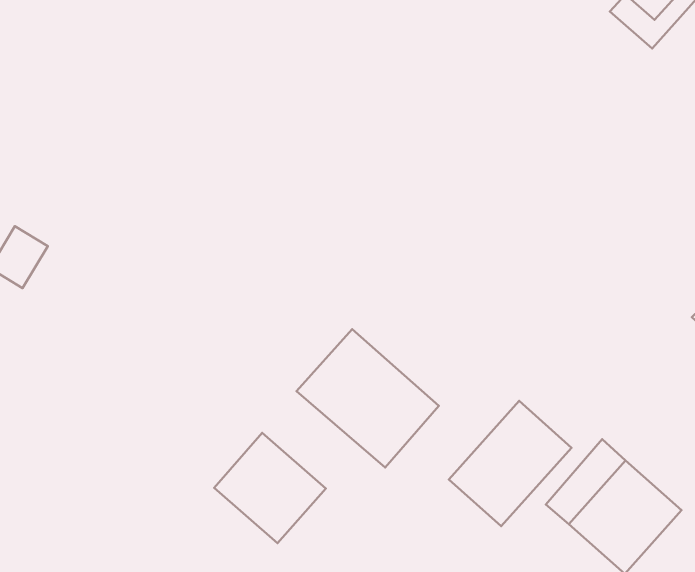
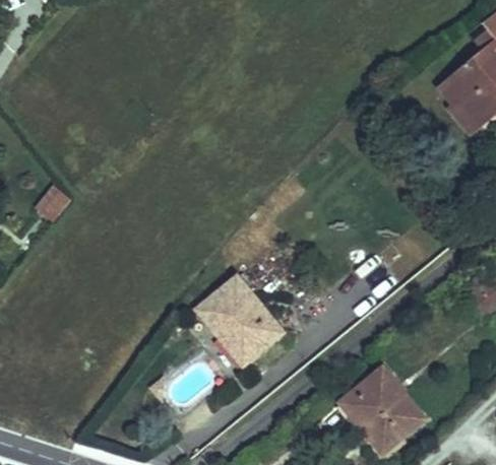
building: [449,401,571,526] -> none
building: [214,433,326,543] -> none

